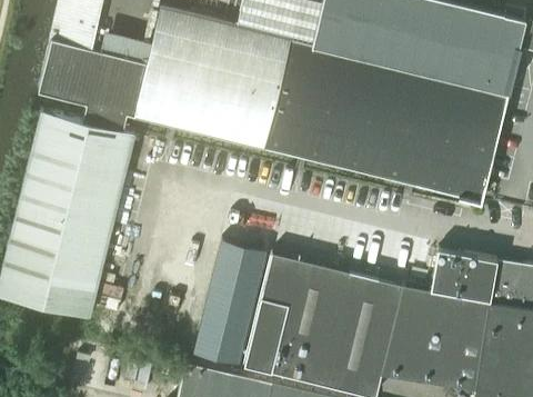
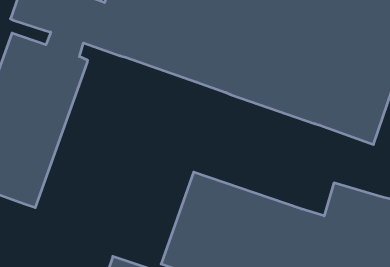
building: [194,240,265,364] -> none

